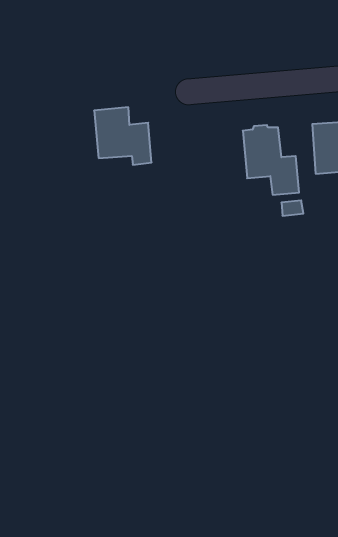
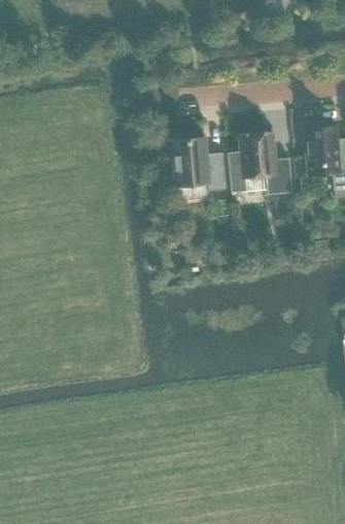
building: [94,107,152,165] -> [173,139,227,193]

